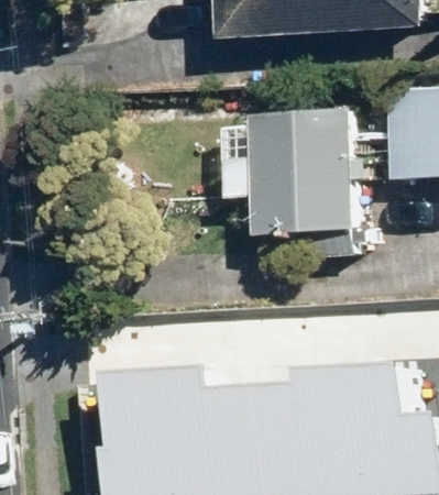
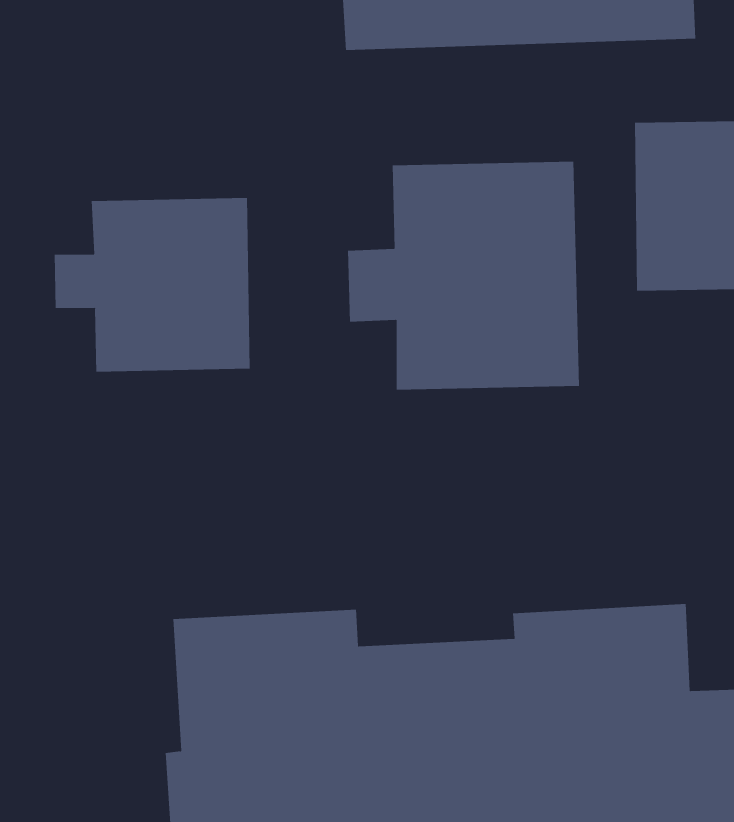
building: none -> [54,197,250,372]

